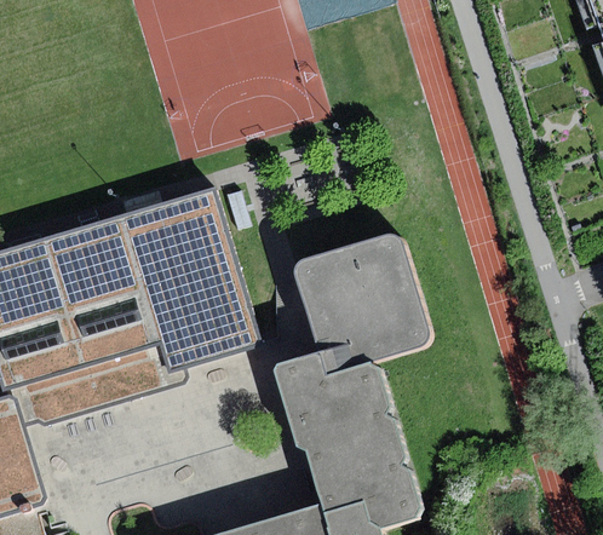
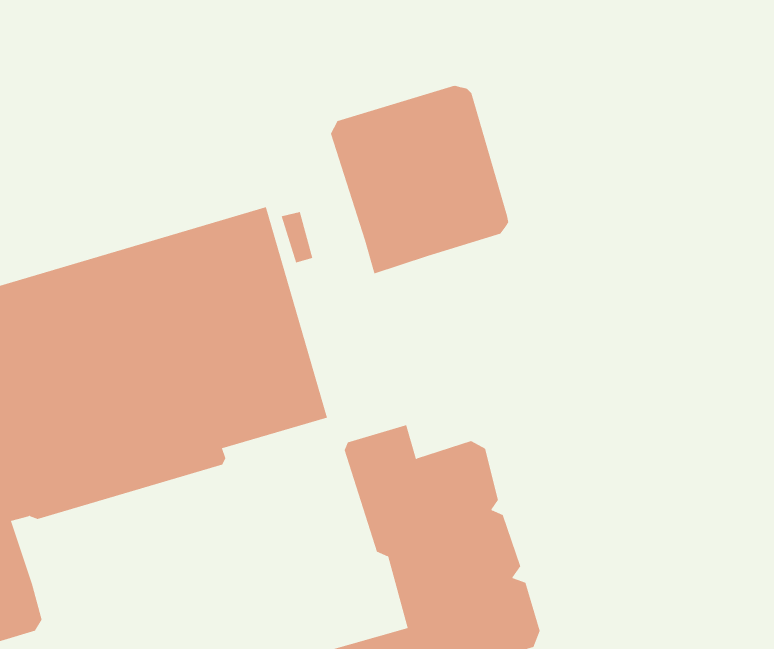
building: [293,235,427,376] -> [330,85,509,274]

